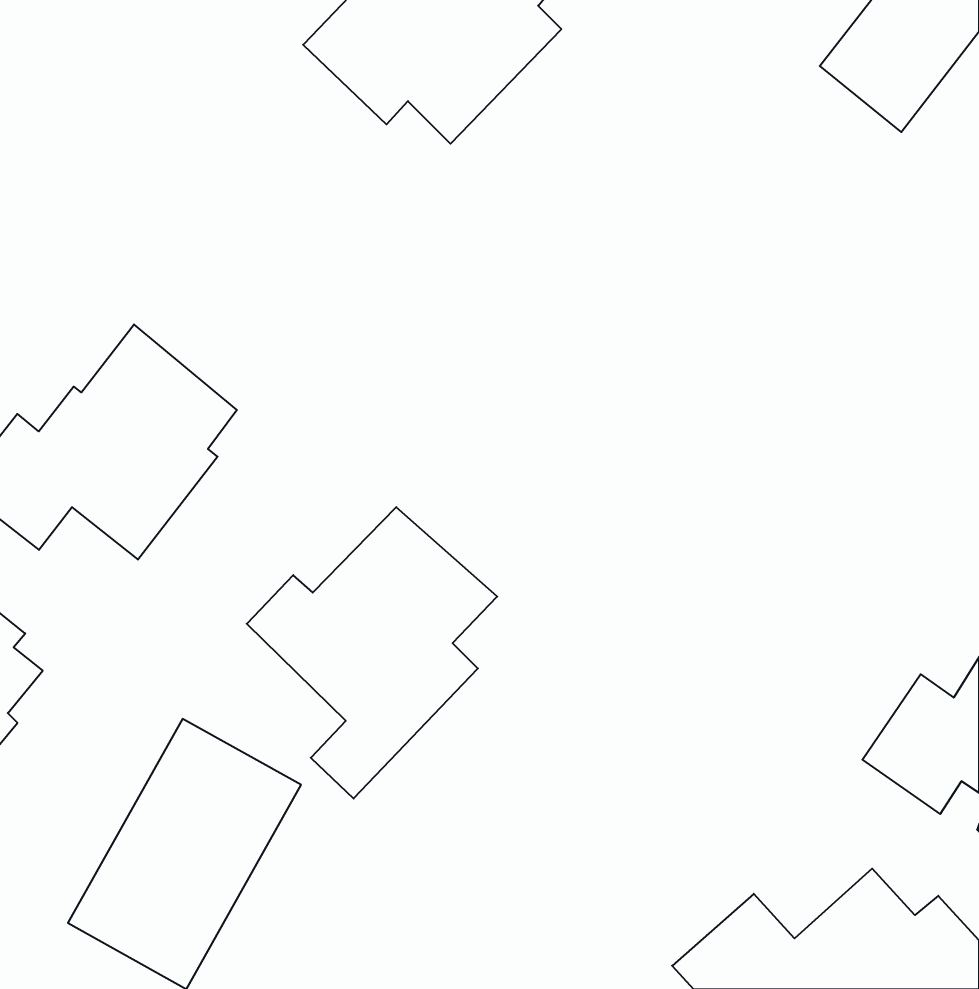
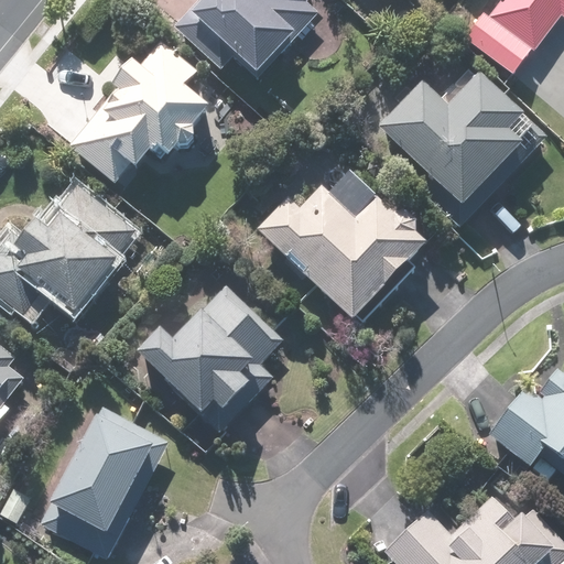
building: none -> [72,42,216,183]
building: none -> [368,73,528,227]
building: none -> [258,185,431,322]

